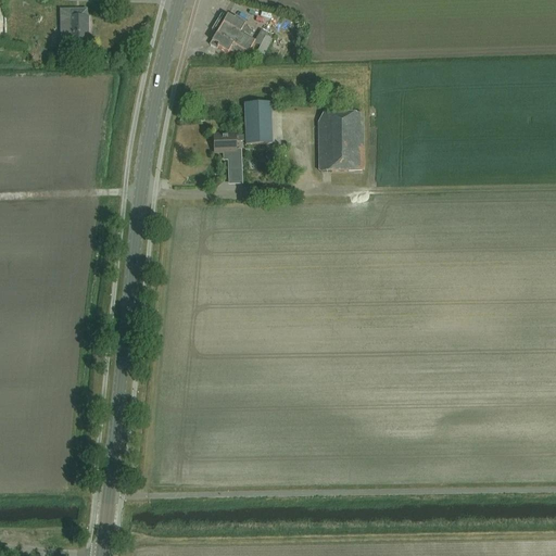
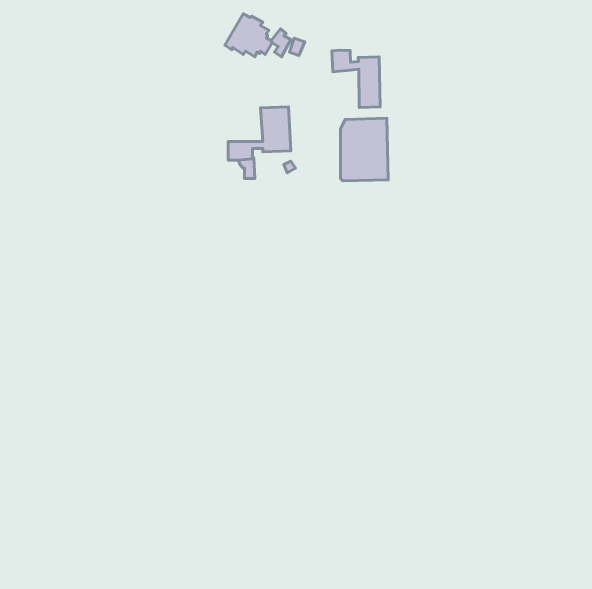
building: [61,7,89,41] -> none
building: none -> [332,50,380,107]

